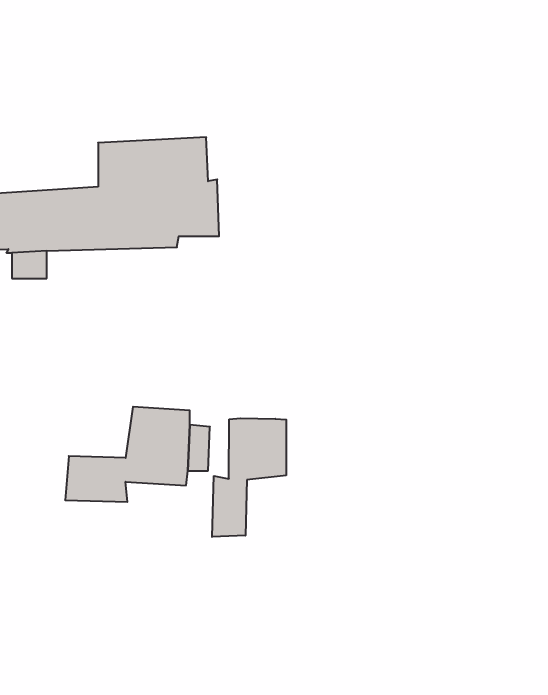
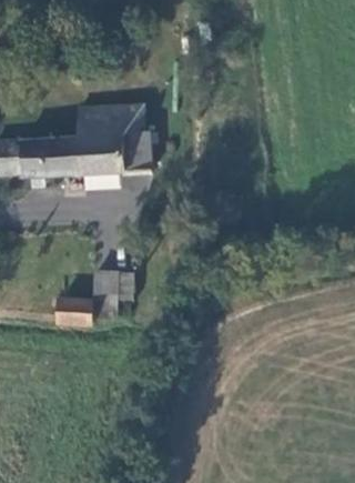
building: [212,418,286,537] -> none

